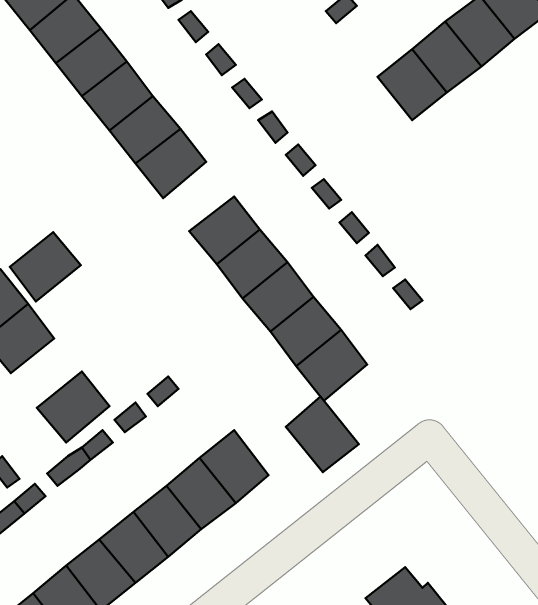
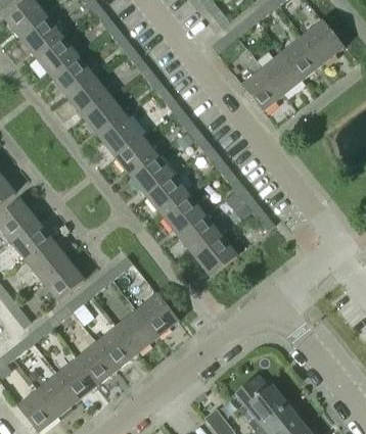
building: none -> [115,135,156,176]
building: [10,232,81,301] -> [25,239,66,280]
building: [286,397,359,472] -> none

